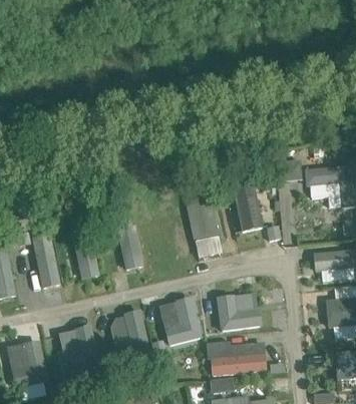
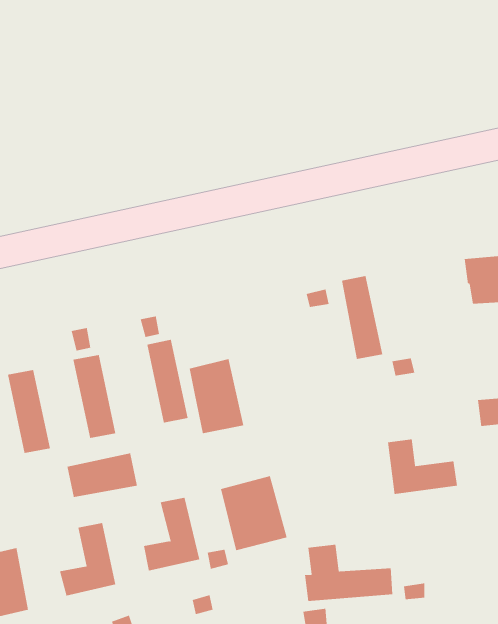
building: [185,194,218,240] -> [189,358,244,434]
building: none -> [67,453,138,498]
building: [217,296,259,329] -> [387,439,458,494]

